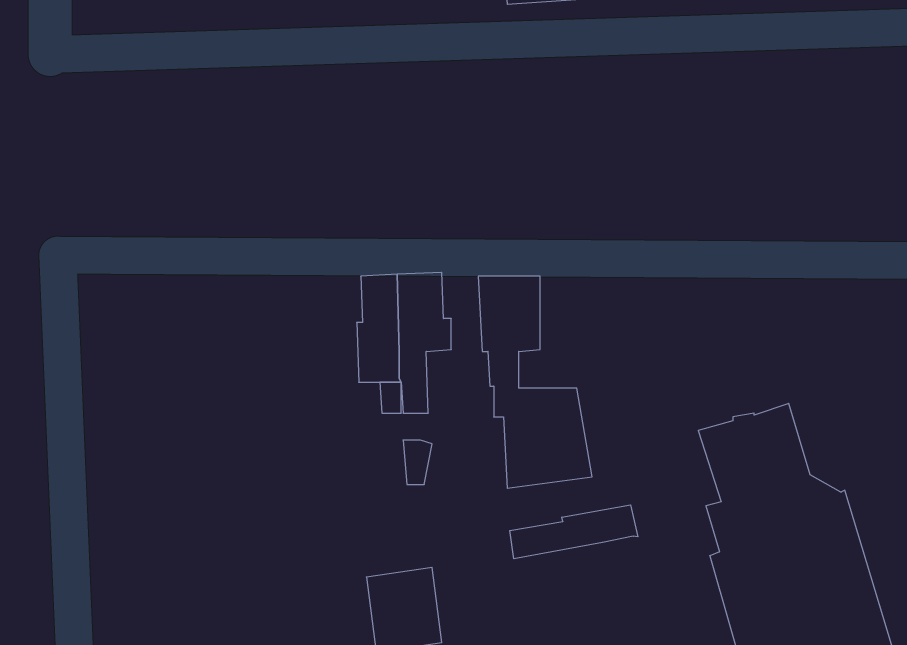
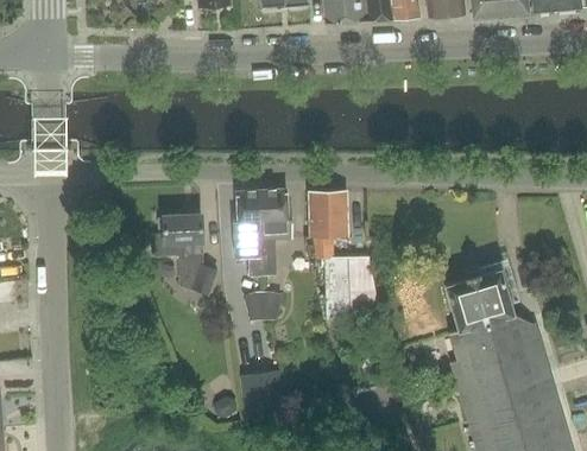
building: none -> [151,214,216,294]
building: [510,505,638,559] -> none

